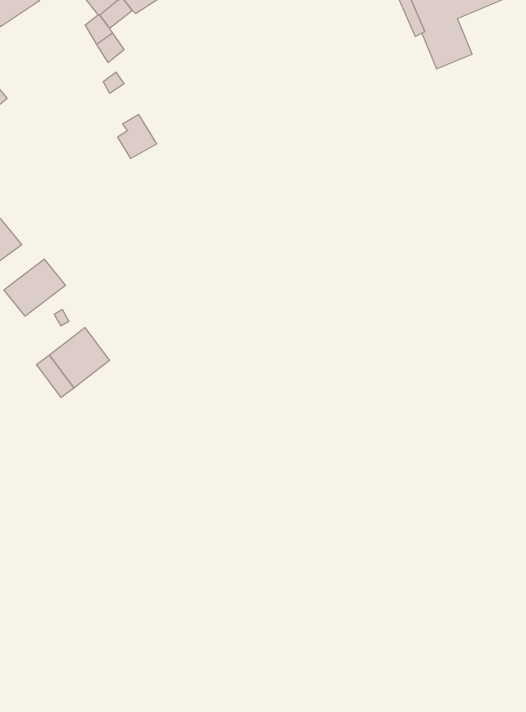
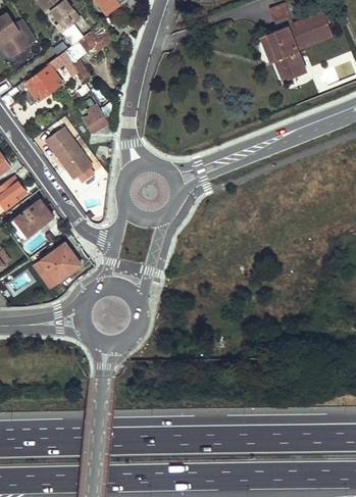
building: none -> [26,61,64,102]
building: none -> [43,126,94,182]

